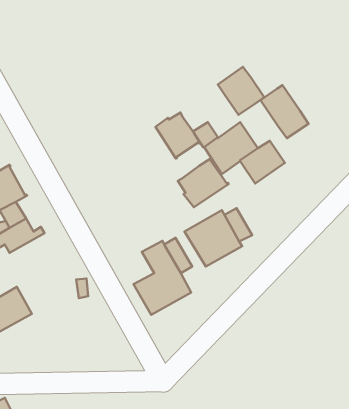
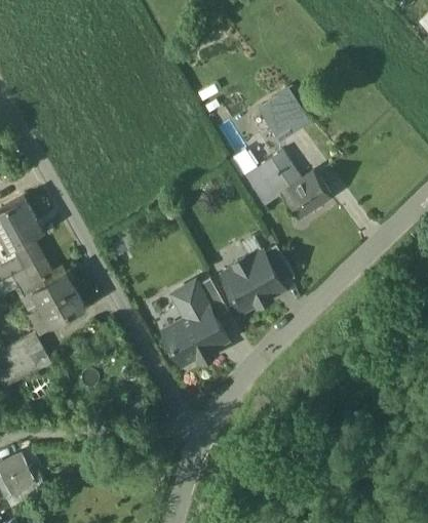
building: [260,85,309,138] -> none
building: [155,113,200,159] -> none
building: [178,158,228,207] -> none
building: none -> [23,273,86,333]

